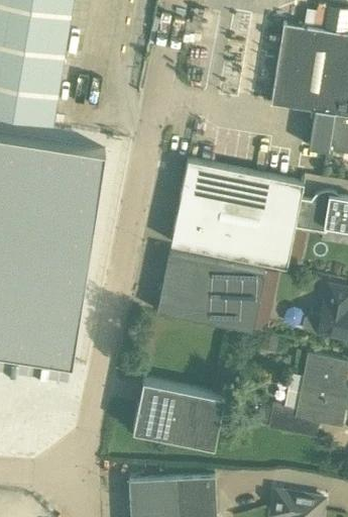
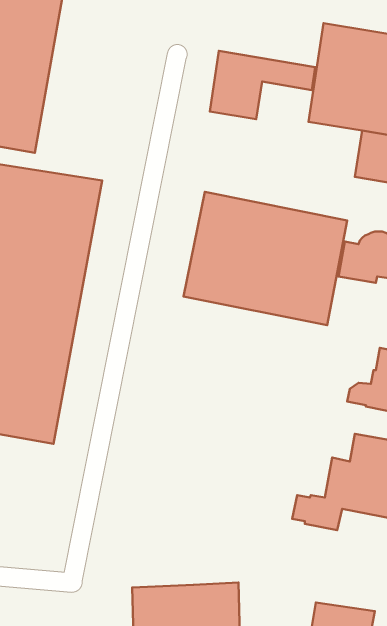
building: none -> [210,51,315,119]
building: [158,254,266,334] -> none
building: [134,382,225,448] -> none

